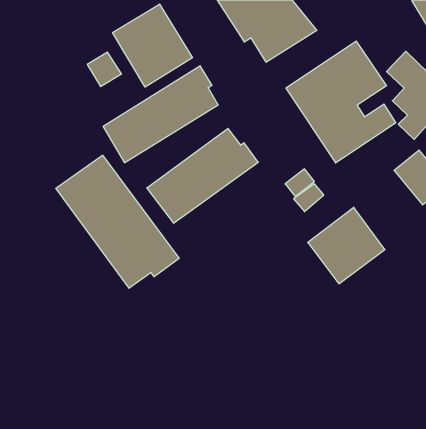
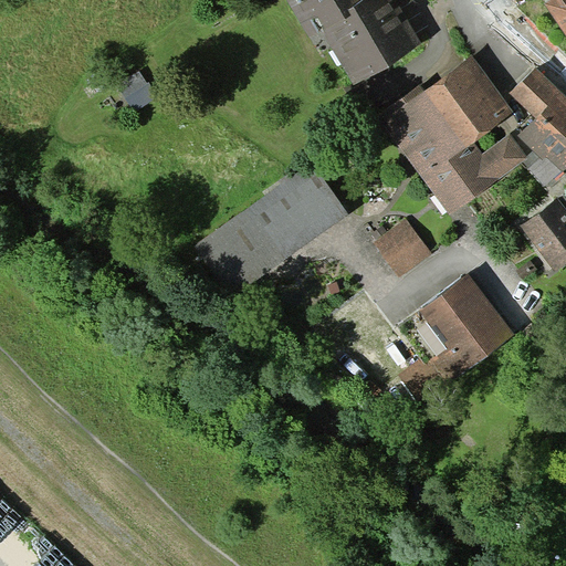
building: [113,4,192,87] -> none
building: [103,66,218,163] -> none
building: [56,155,179,288] -> none

